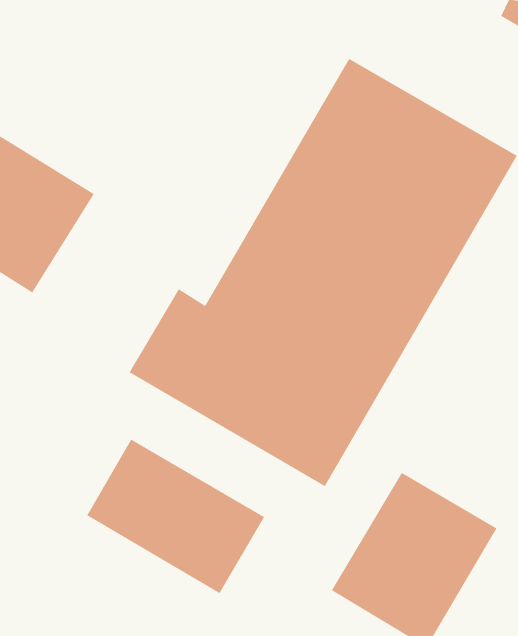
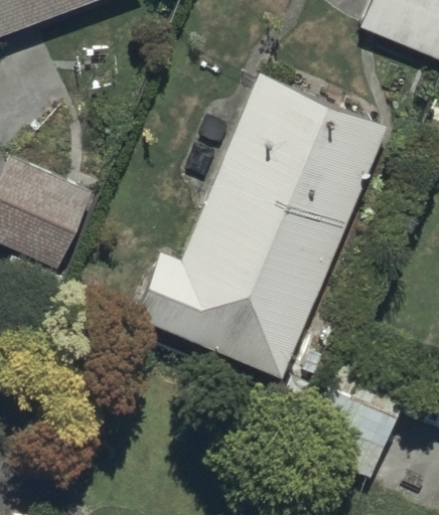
building: [86,439,265,594] -> none

